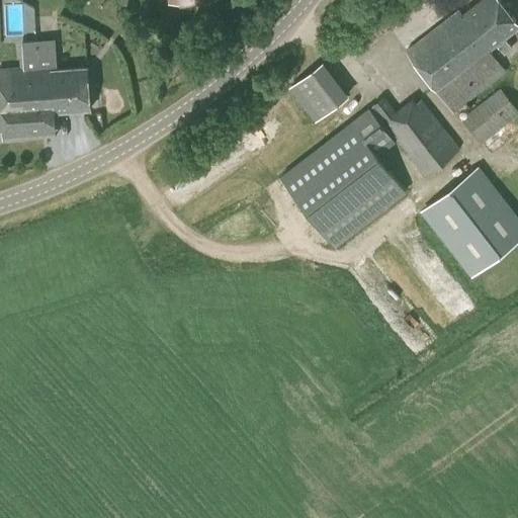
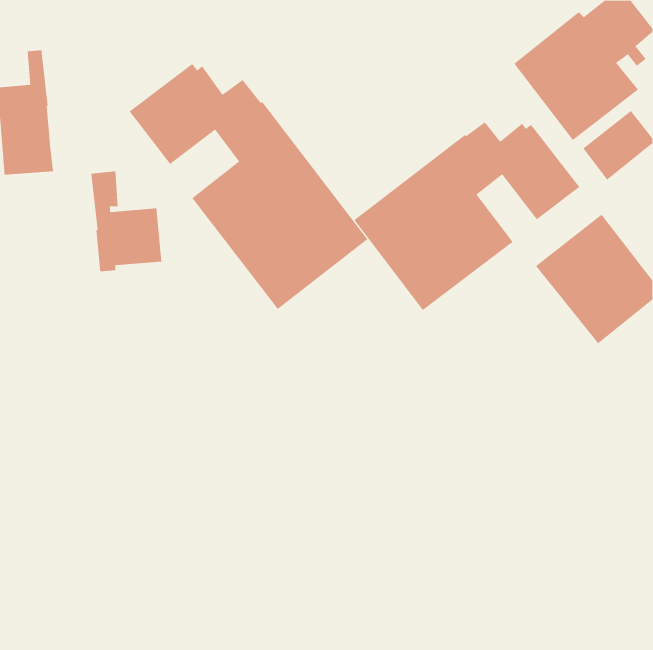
building: [33,40,90,120] -> [90,171,162,272]
building: none -> [129,63,368,310]
building: [286,62,347,122] -> none

